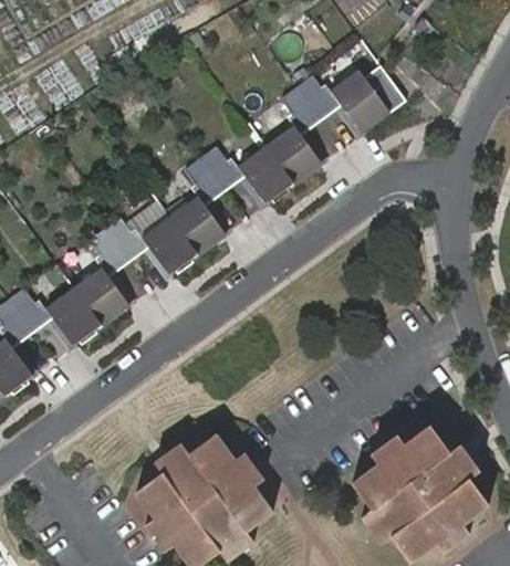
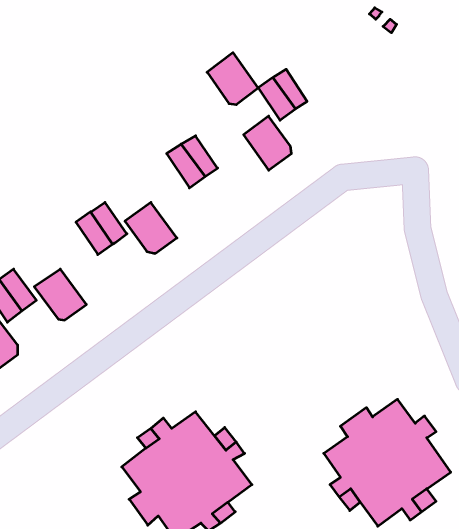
building: [331,62,406,130] -> none
building: [239,145,293,200] -> [207,53,258,105]
building: [168,196,219,254] -> none
building: [72,266,125,325] -> none

